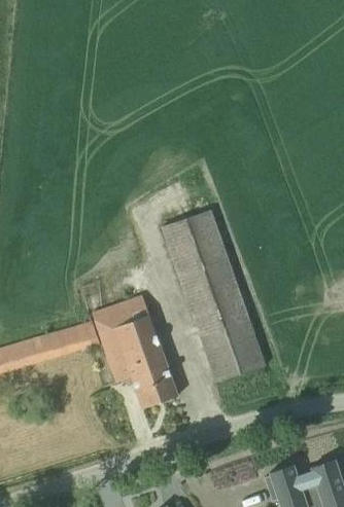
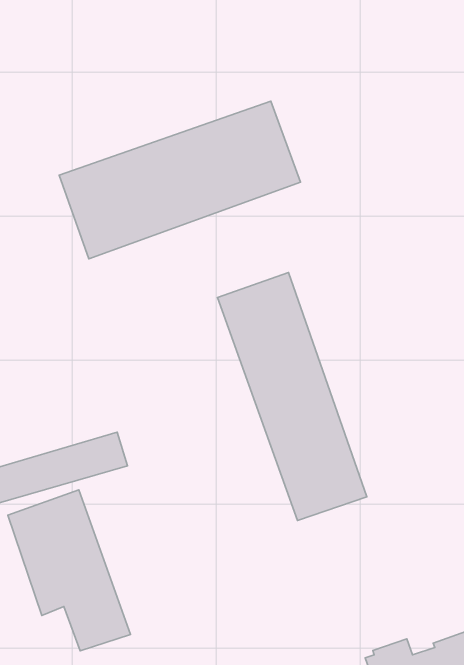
building: none -> [59,101,301,259]
building: [93,296,178,408] -> [8,490,130,651]

